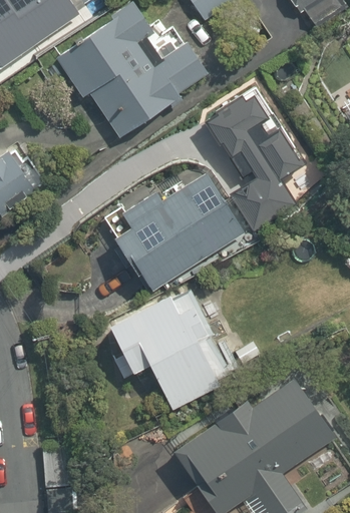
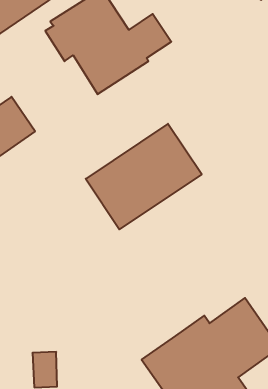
building: [205,92,303,235] -> none
building: [105,281,221,412] -> none

